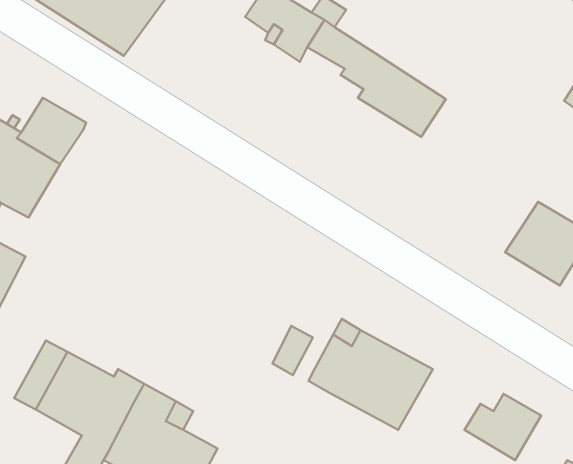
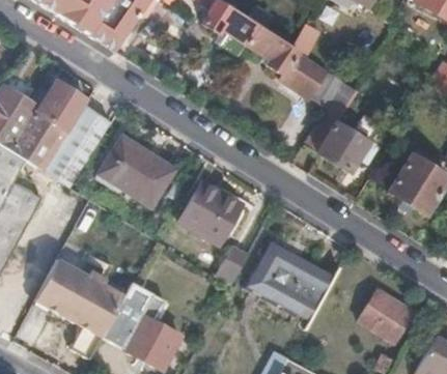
building: none -> [305,82,376,172]
building: none -> [45,104,110,183]
building: none -> [94,133,172,203]
building: none -> [178,182,244,244]

